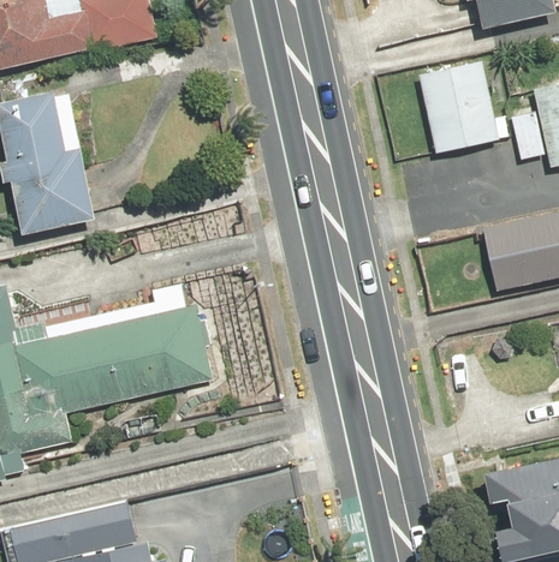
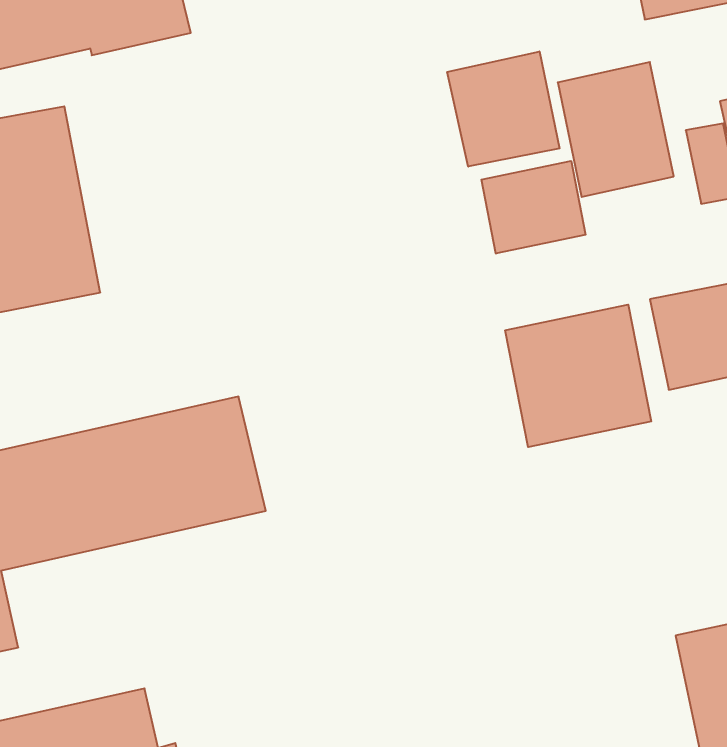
building: none -> [447,51,560,167]
building: none -> [481,161,586,254]
building: none -> [505,305,651,447]

